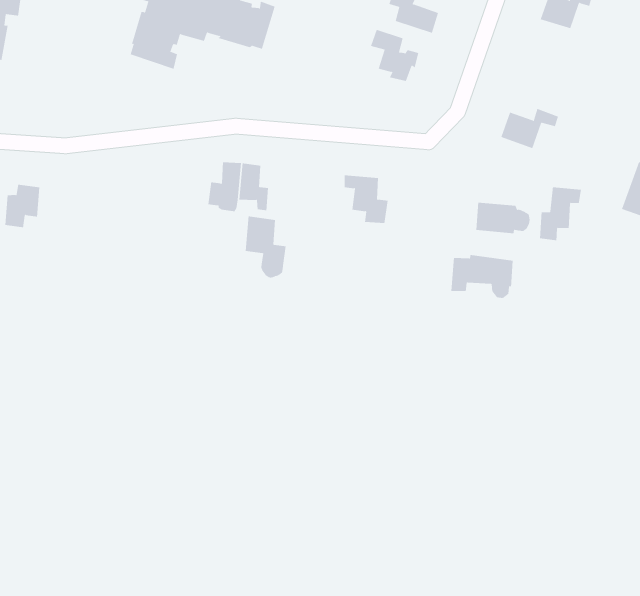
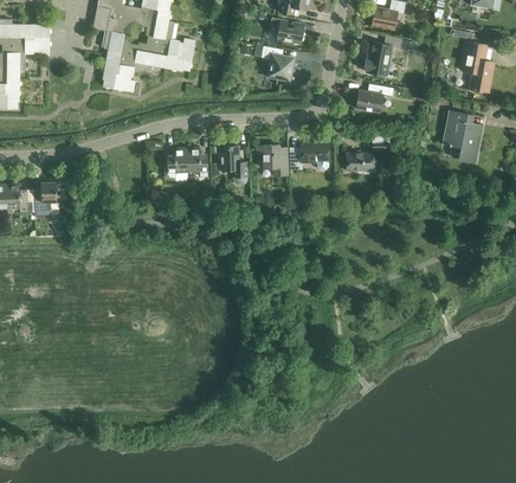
building: none -> [362,34,400,75]
building: [540,187,582,241] -> none
building: [245,216,287,278] -> [219,146,247,185]
building: [450,255,514,298] -> [289,143,330,169]

